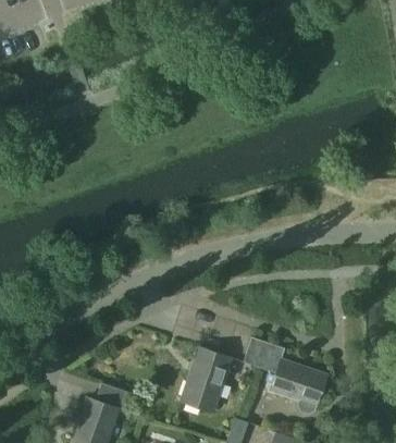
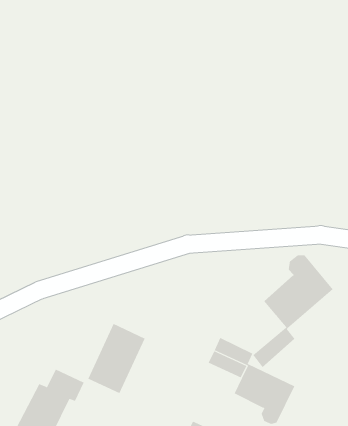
building: none -> [253,255,333,368]
building: [181,346,231,411] -> [87,323,145,394]

